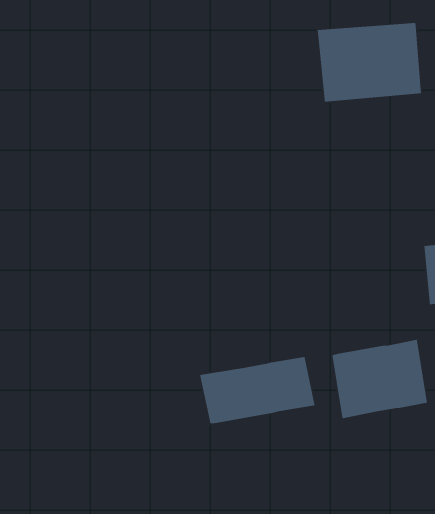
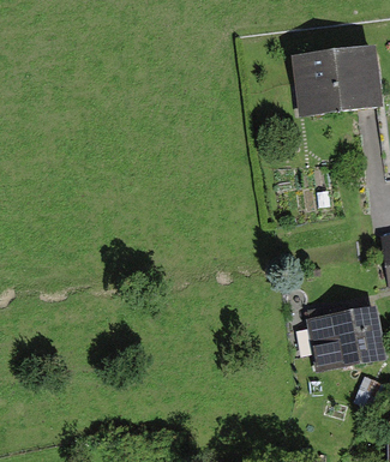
building: [199,356,316,424] -> none

